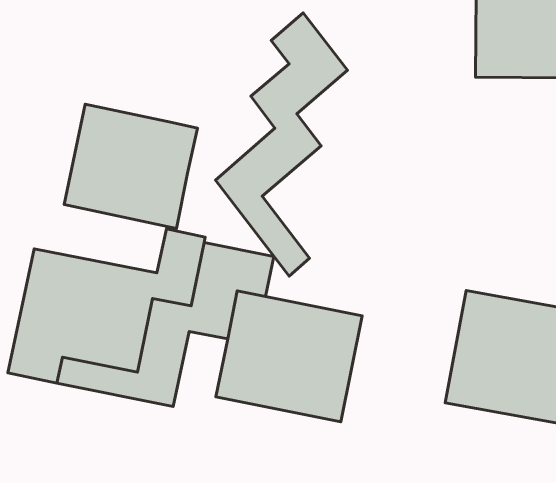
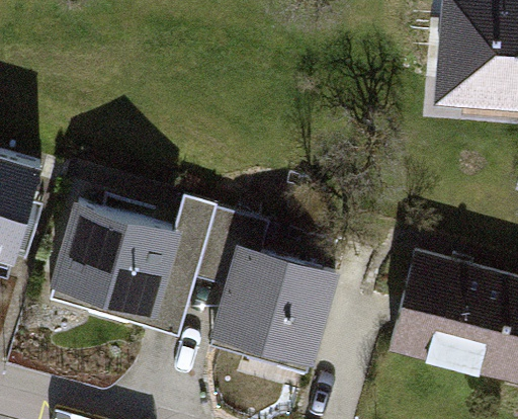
building: [215,13,347,276] -> none
building: [64,104,198,228] -> none

